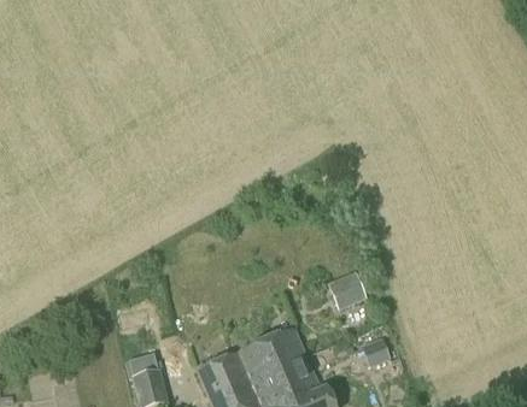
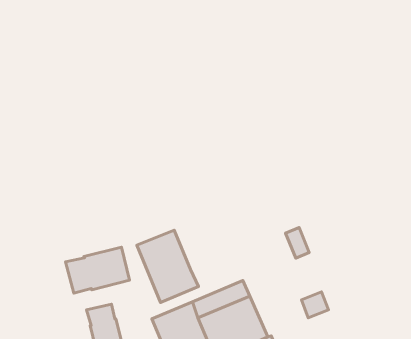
building: none -> [137,230,198,302]
building: none -> [65,247,130,293]

